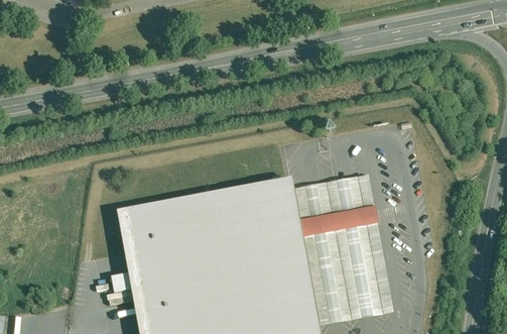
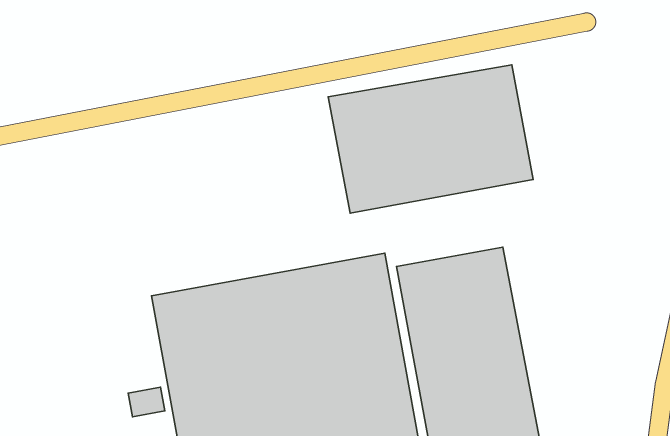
building: none -> [328,65,533,213]

